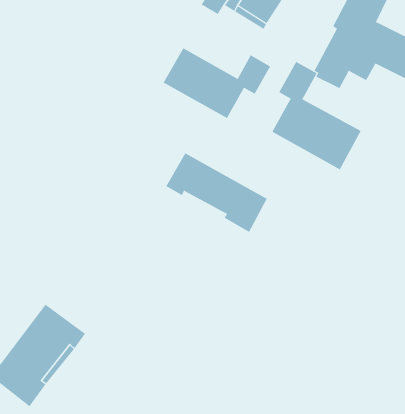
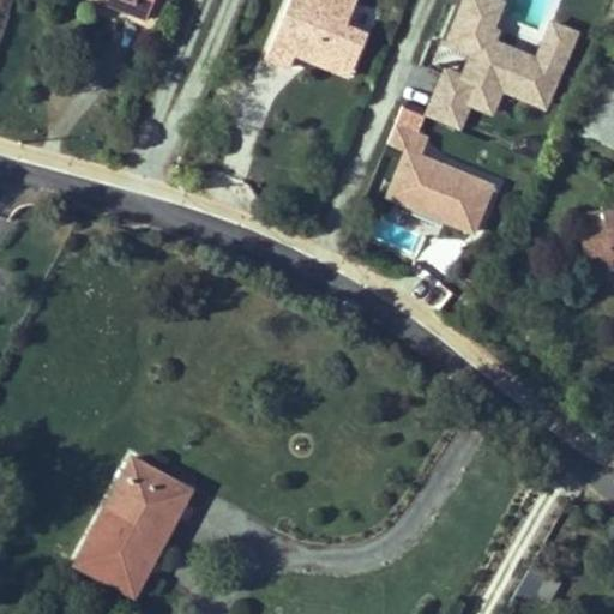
building: [163,47,271,119] -> none
building: [165,153,268,233] -> none

